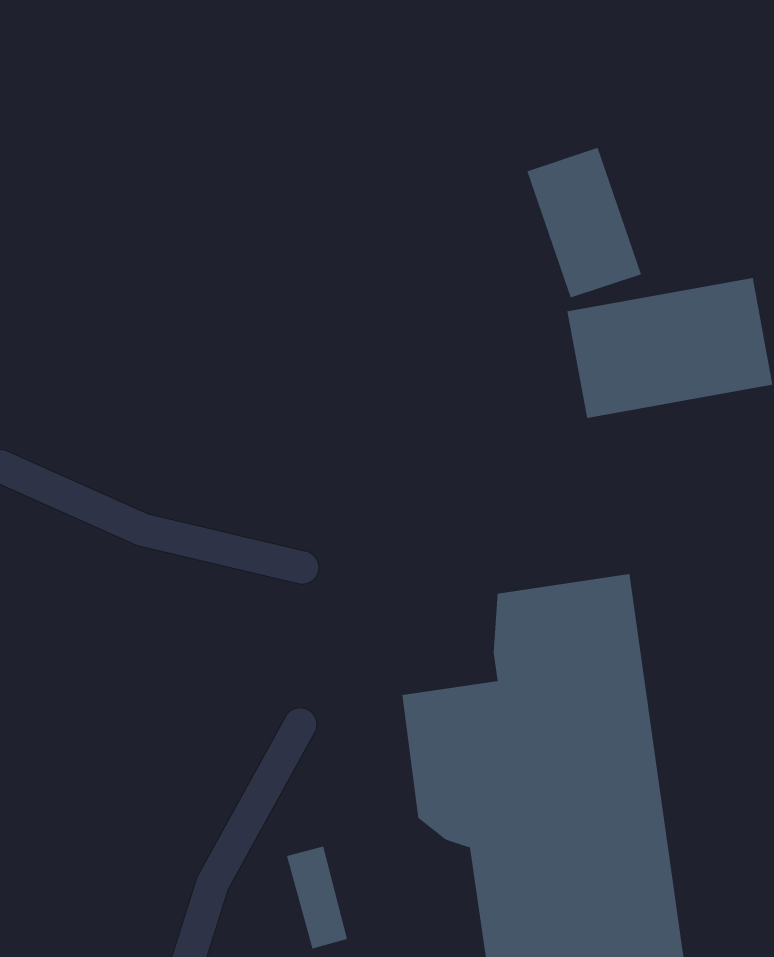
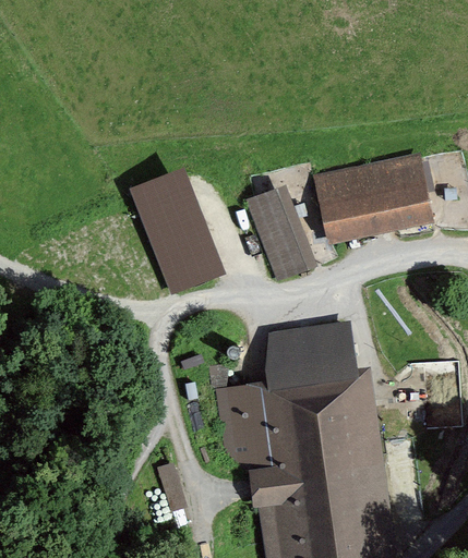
building: [526,147,642,298] -> [247,191,310,274]
building: none -> [131,170,217,287]

